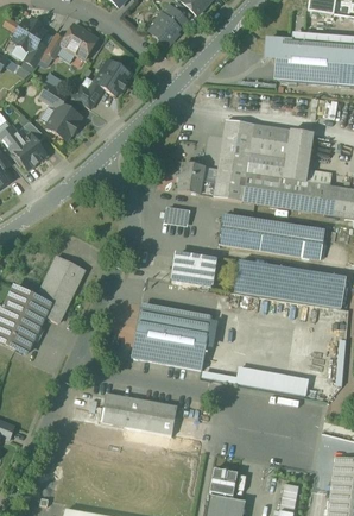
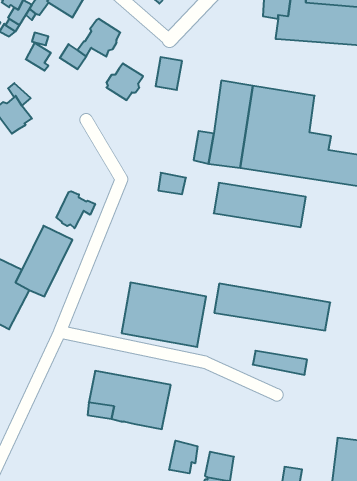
building: [46,103,81,138] -> [106,63,143,100]
building: [178,162,203,193] -> [156,57,182,90]
building: none -> [56,191,95,228]
building: [299,227,323,258] -> none
building: [171,254,215,287] -> none
building: [234,264,343,308] -> [214,284,330,330]
building: none -> [169,441,198,473]

